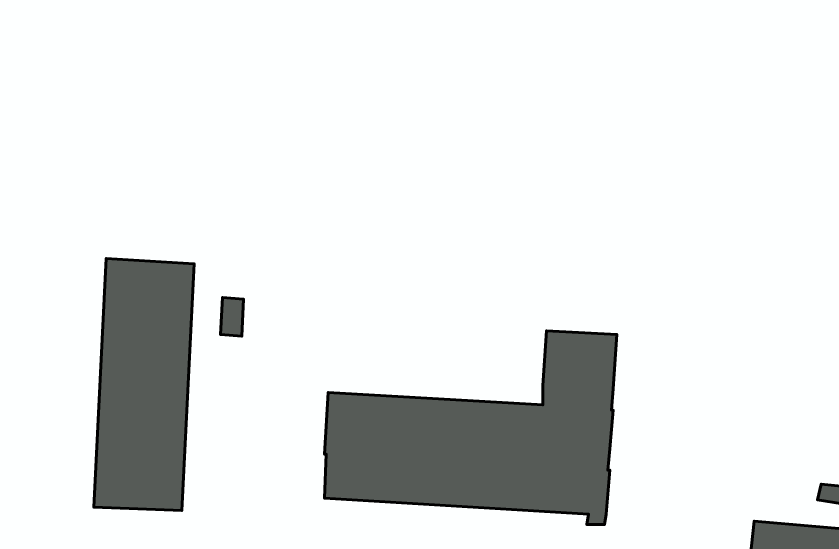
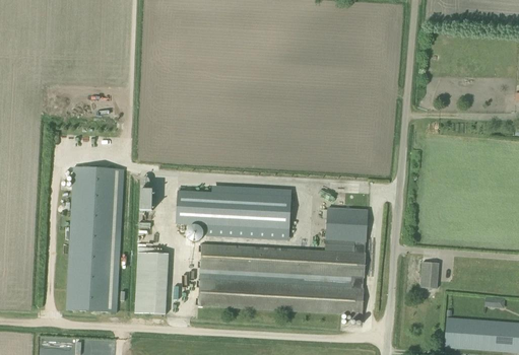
building: none -> [176,190,290,240]
building: none -> [134,252,168,314]
building: none -> [420,262,440,288]

